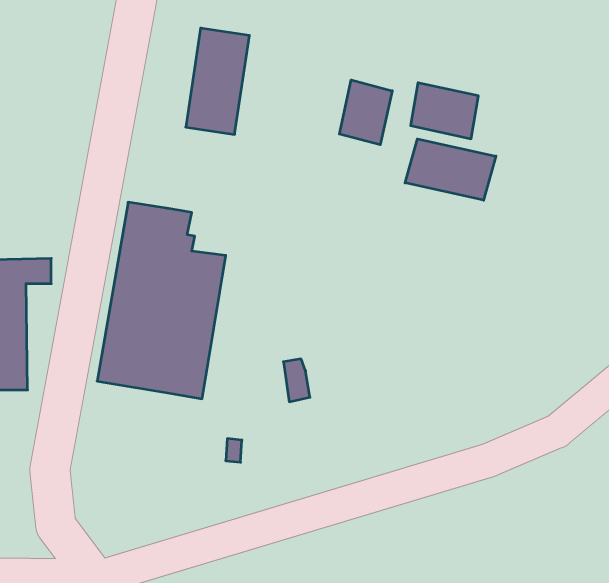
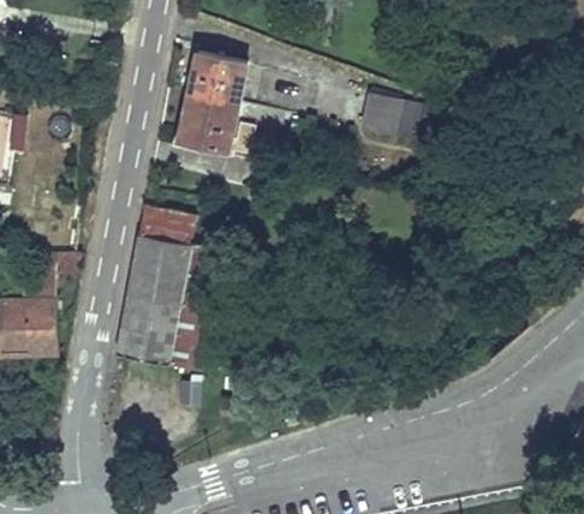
building: [339,80,392,145] -> none
building: [405,139,496,200] -> none

